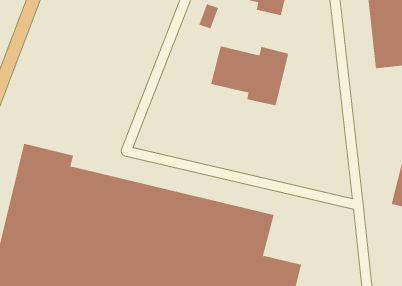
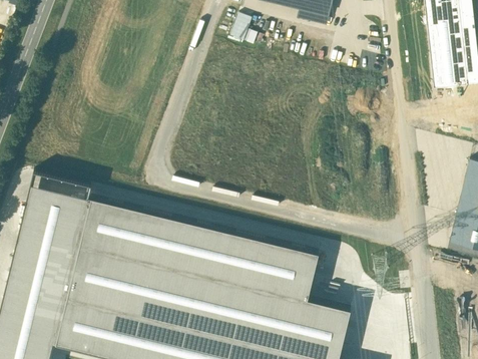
building: [210,46,289,106] -> none

